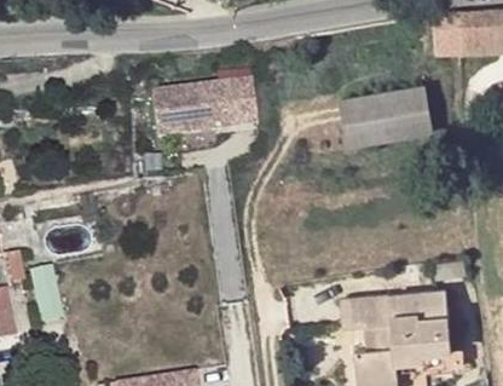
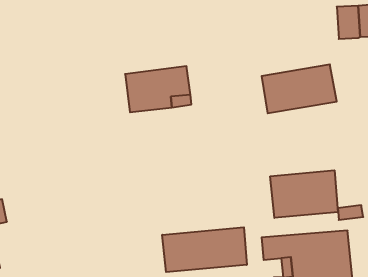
building: none -> [270,170,338,218]
building: none -> [162,227,247,272]

